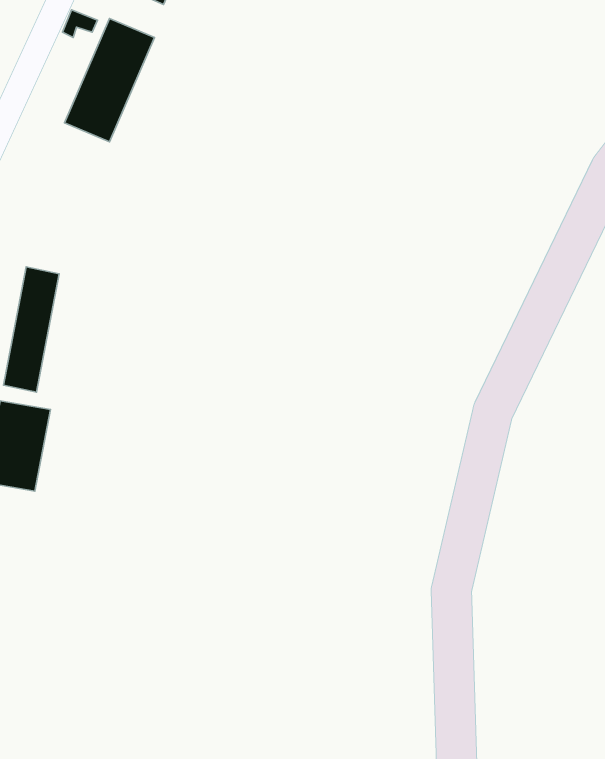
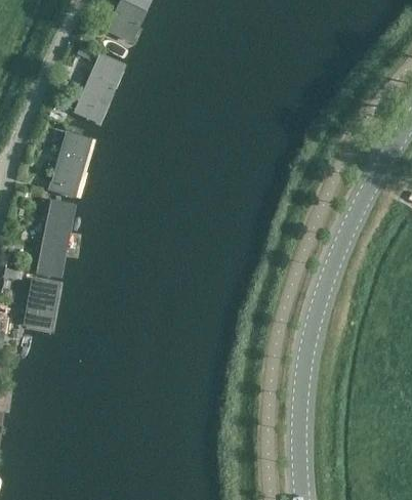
building: none -> [50,130,95,199]

